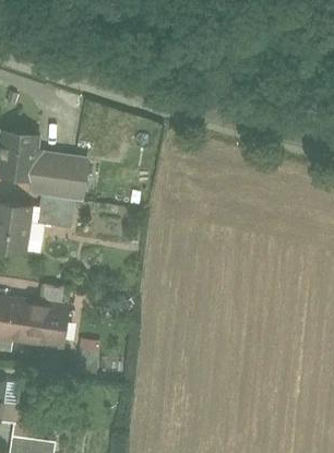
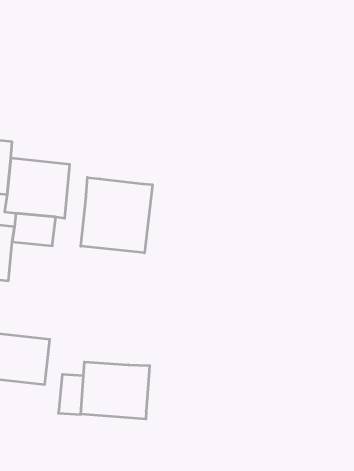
building: none -> [81,177,152,253]
building: none -> [81,362,150,419]

